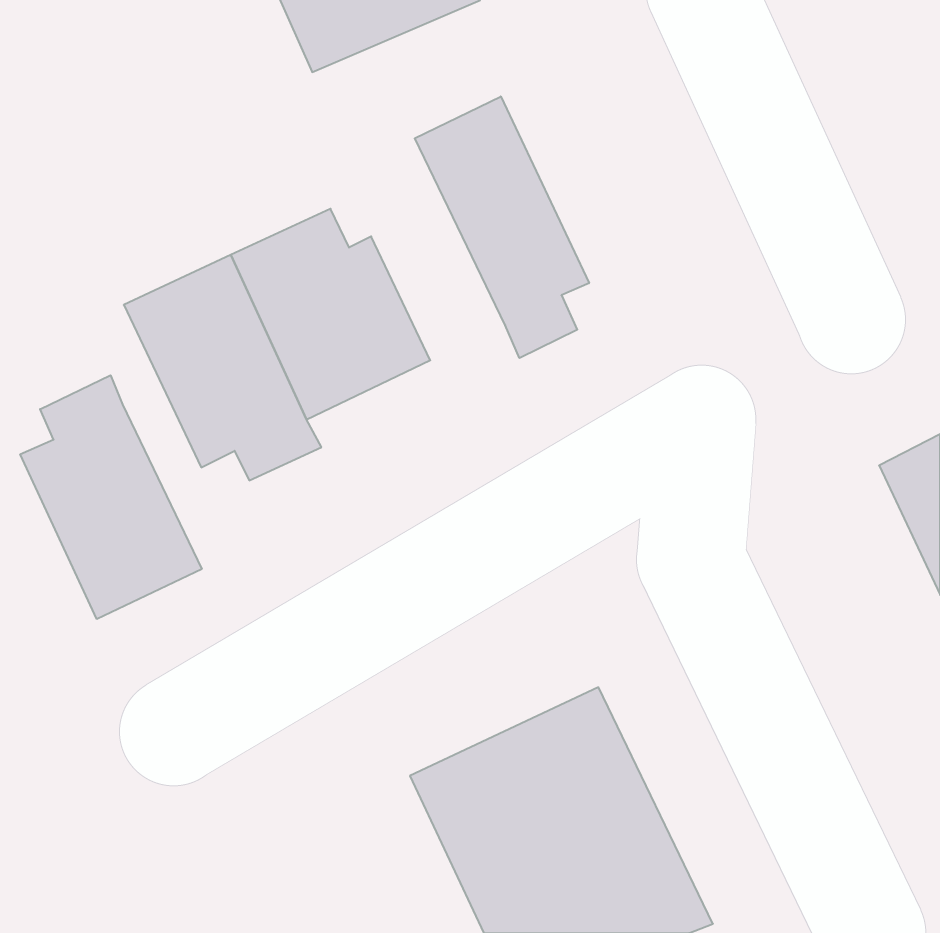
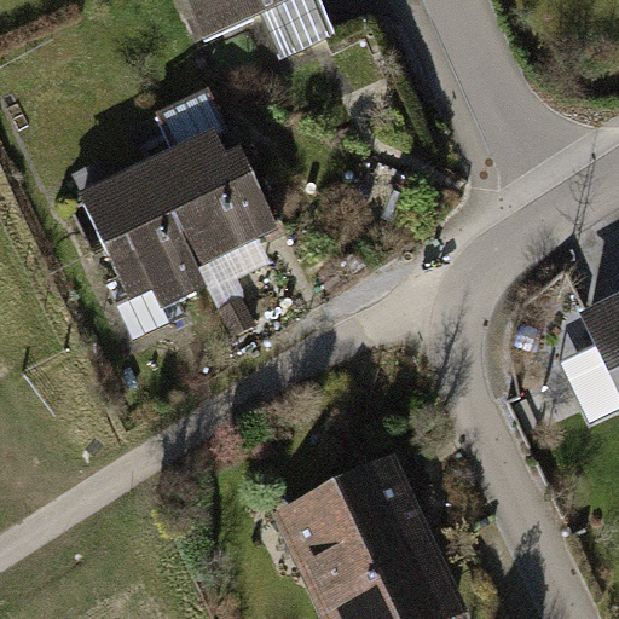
building: [415,96,589,358] -> none
building: [20,375,202,619] -> none

